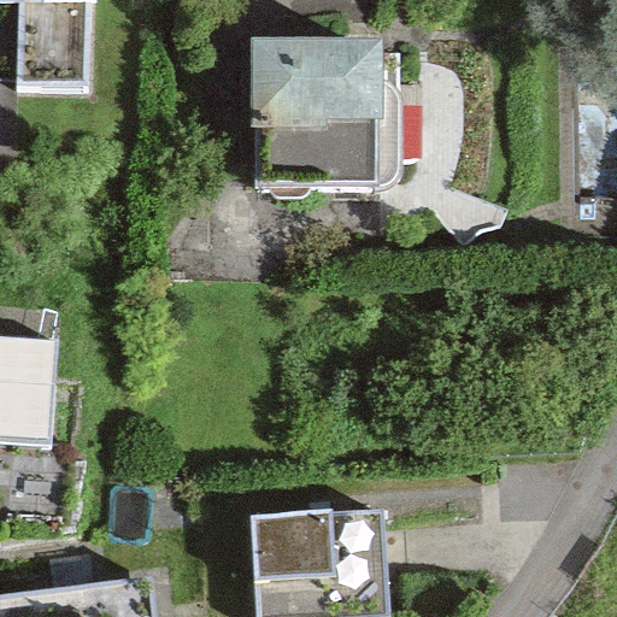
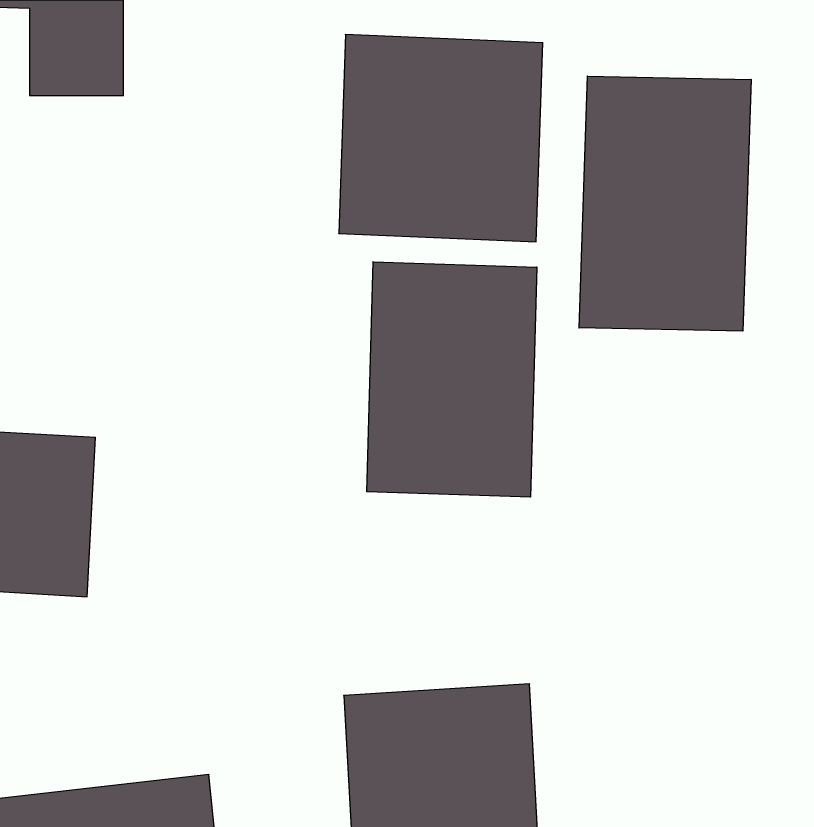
building: none -> [579,76,751,331]
building: none -> [367,262,537,497]

